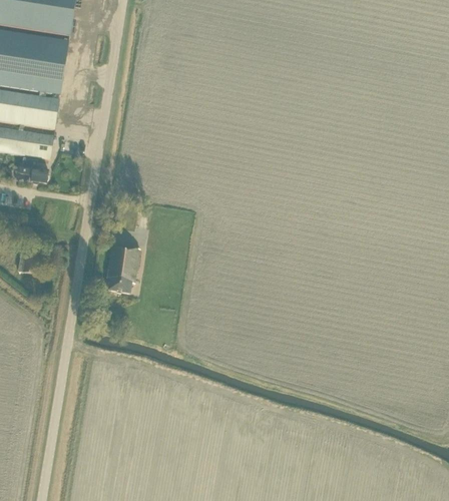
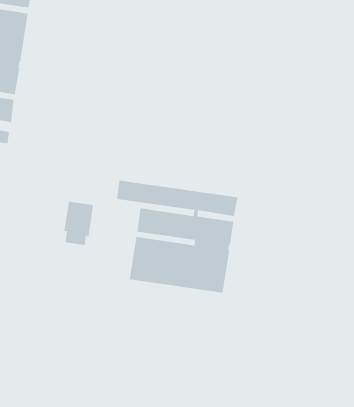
building: none -> [116,180,238,293]

